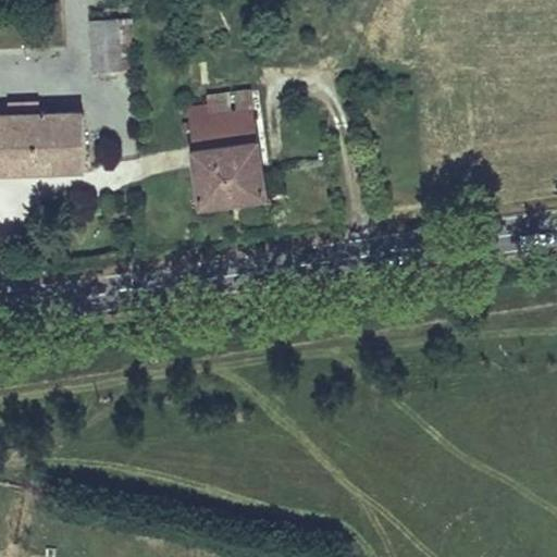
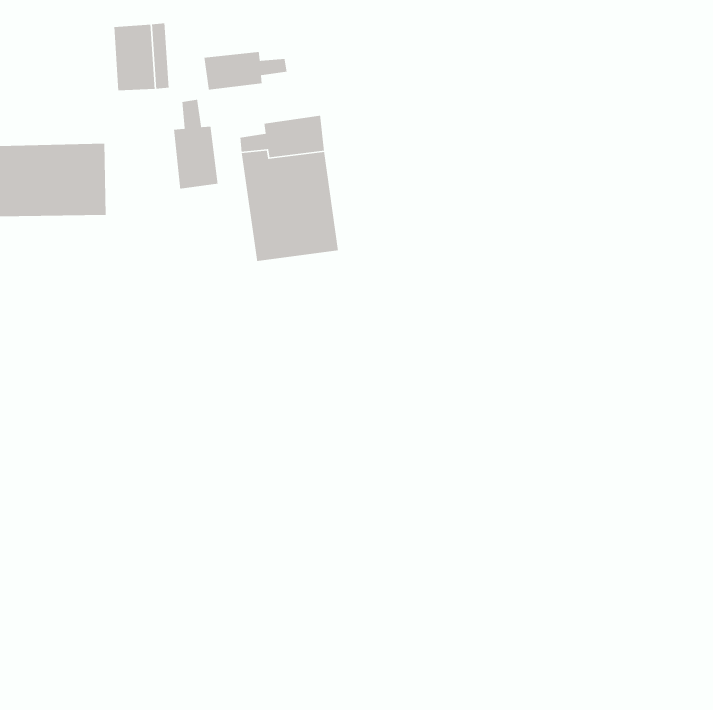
building: none -> [204,51,288,91]
building: none -> [173,99,218,190]

